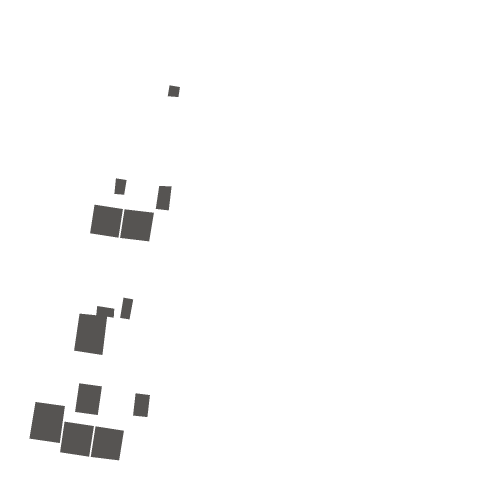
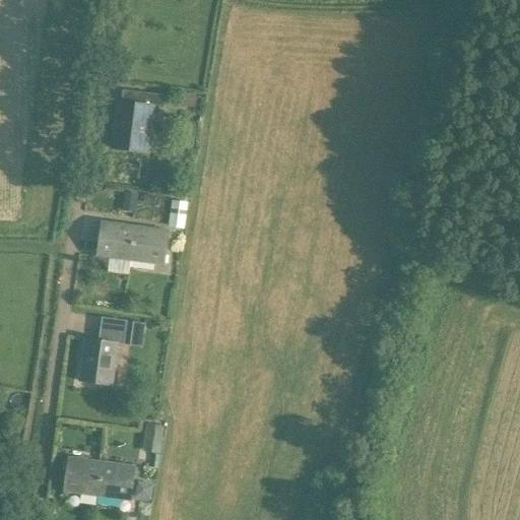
building: none -> [112,90,166,151]
building: [74,383,103,416] -> none
building: [29,401,66,444] -> none

